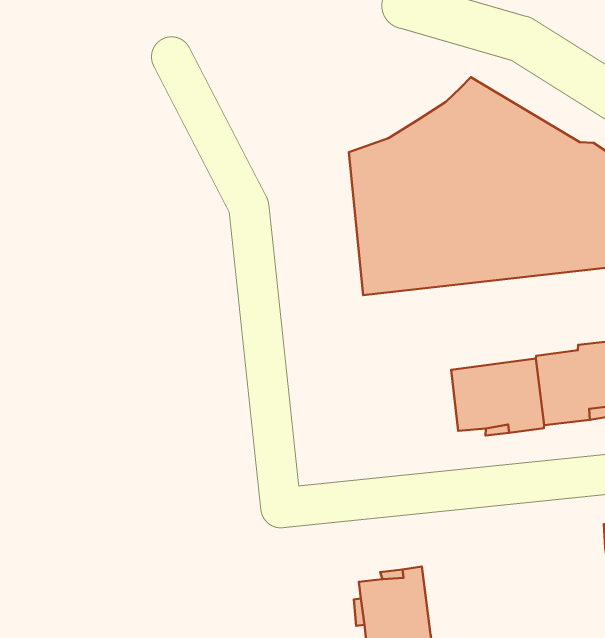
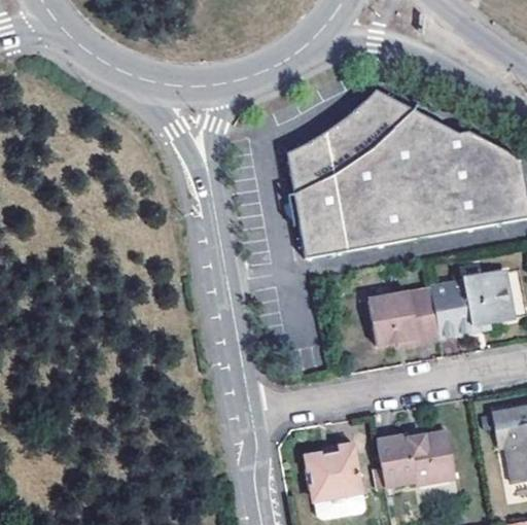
building: none -> [381,443,460,496]

